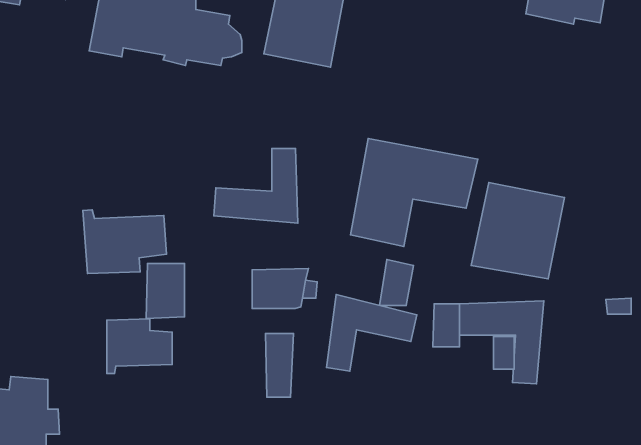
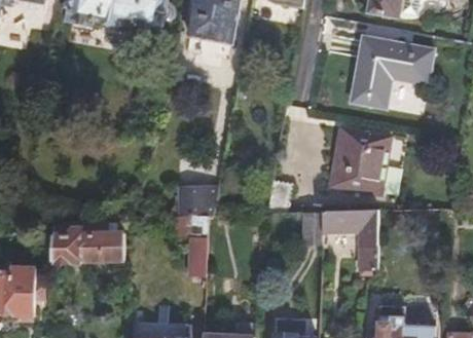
building: [351,139,478,247] -> [350,36,438,111]
building: [214,148,298,223] -> none
building: [83,210,167,274] -> none
building: [146,264,185,318] -> [49,223,76,261]
building: [327,295,417,371] -> none

